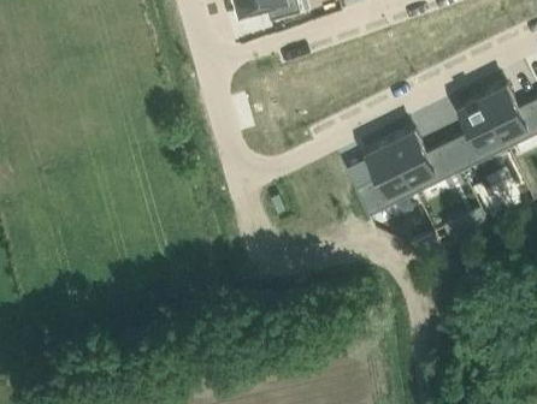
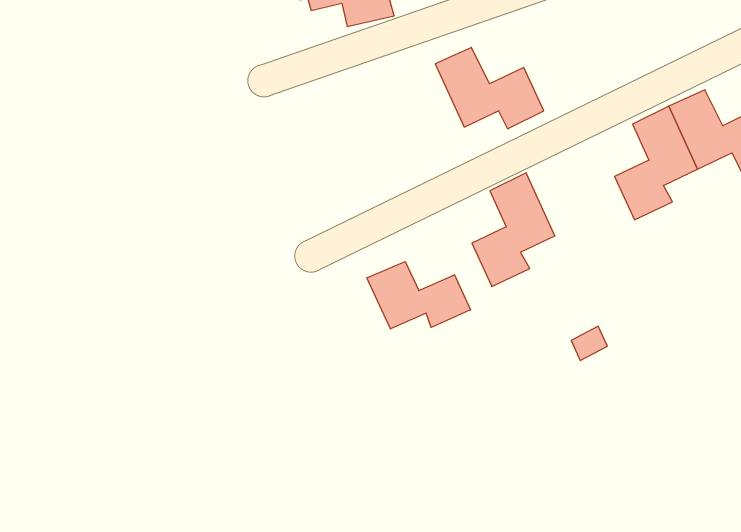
building: [391,127,464,182] -> [435,48,544,129]
building: none -> [367,262,471,329]

